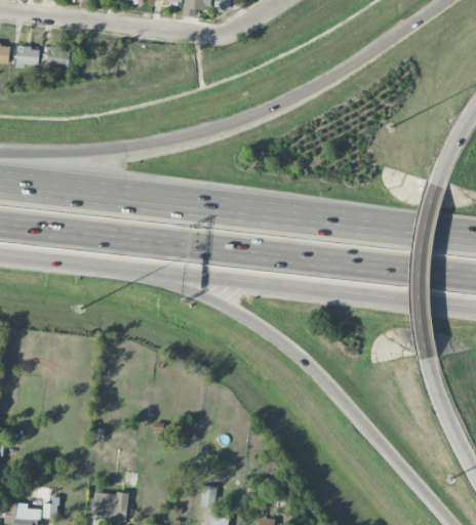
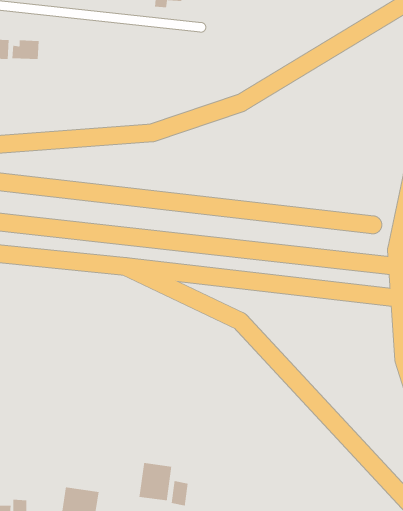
building: none -> [139,462,172,501]

